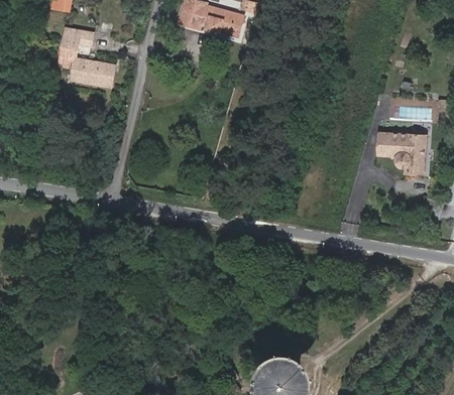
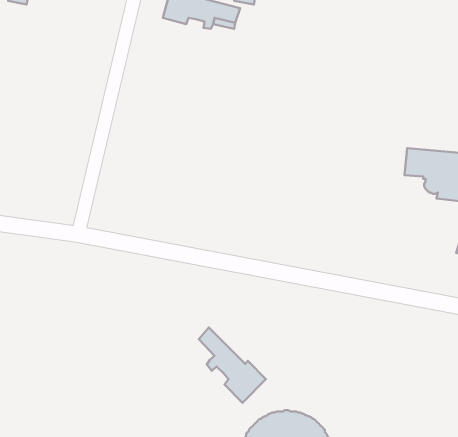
building: [59,28,115,88] -> none
building: none -> [199,327,266,403]

